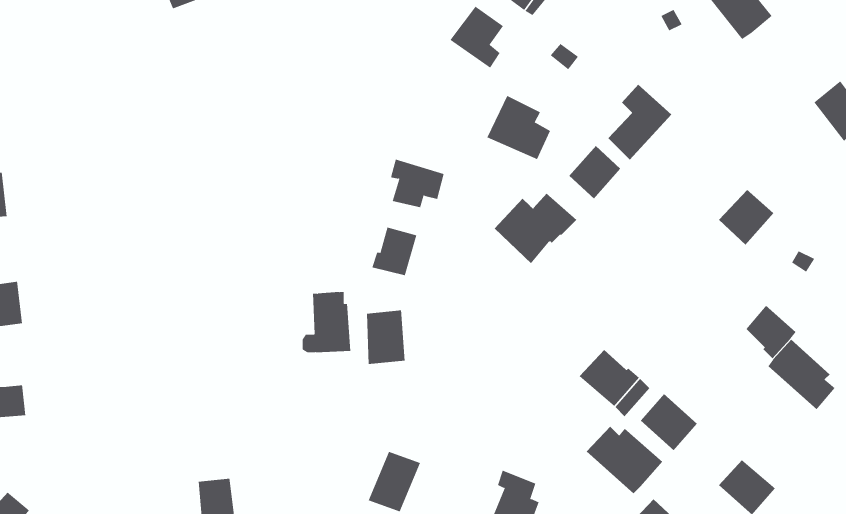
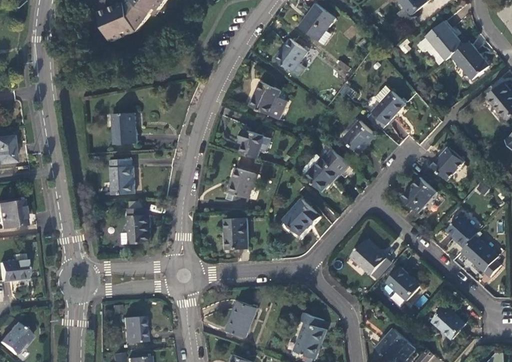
building: none -> [452,40,489,78]
building: [486,95,551,160] -> [250,80,288,118]
building: none -> [111,111,136,143]
building: none -> [112,158,135,194]
building: none -> [402,176,437,211]
building: none -> [283,199,319,234]
building: [302,292,351,353] -> [122,207,151,243]
building: [586,426,663,494] -> none

